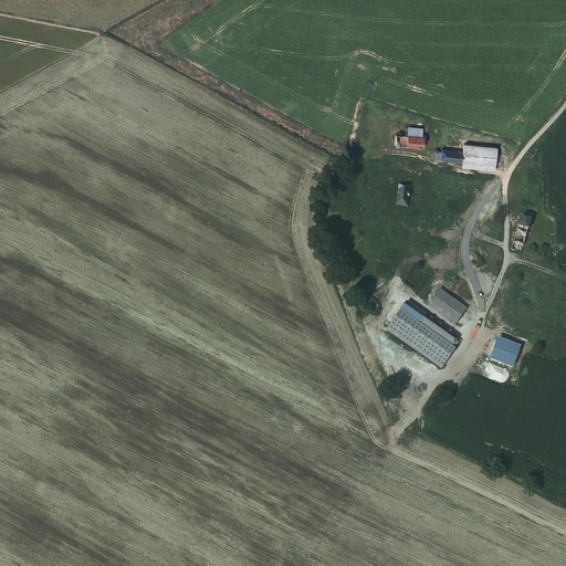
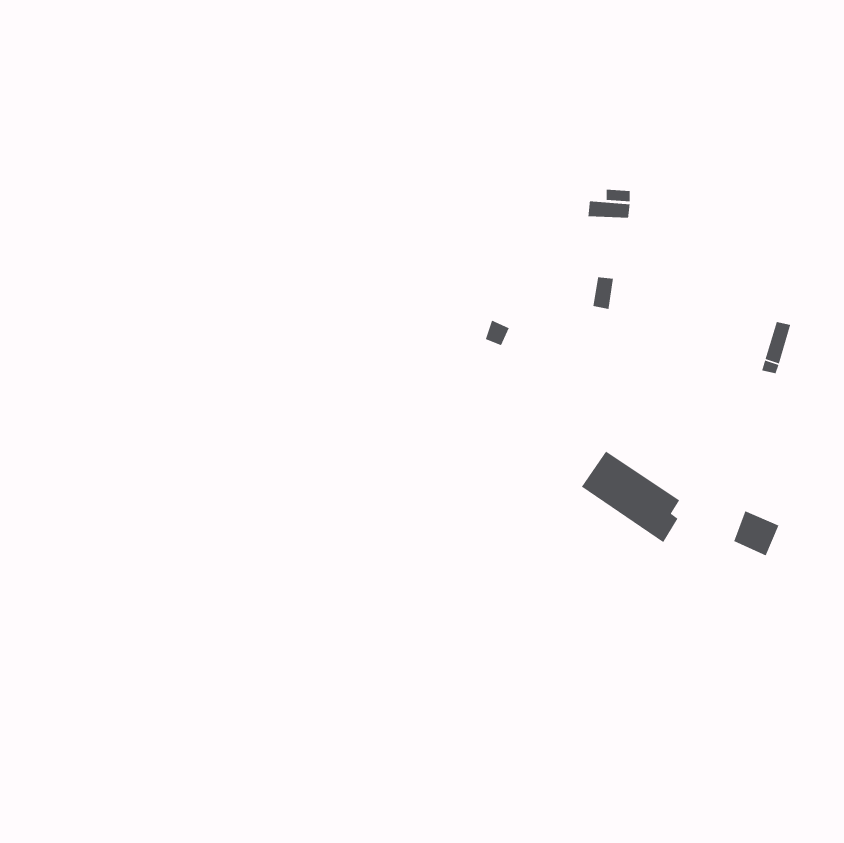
building: [439,145,495,165] -> none
building: [427,291,464,325] -> none

